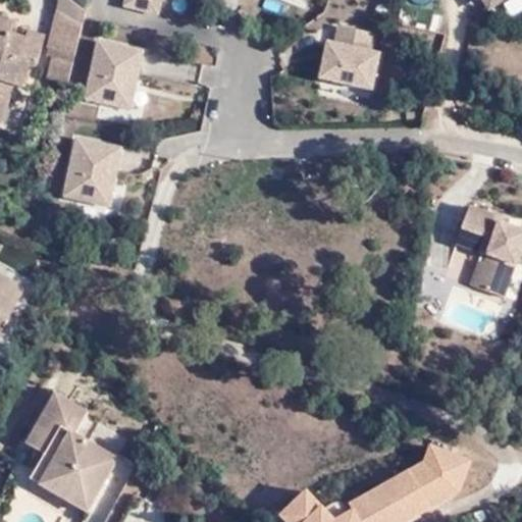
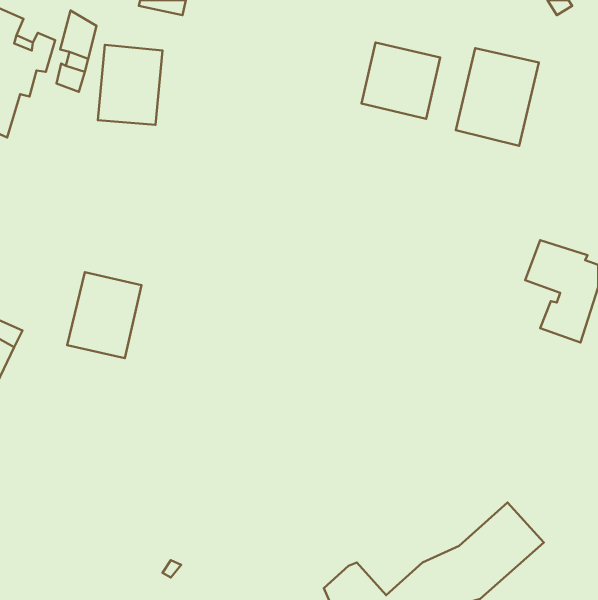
building: none -> [456,48,539,146]
building: [58,136,122,210] -> [67,272,141,358]
building: [24,392,125,506] -> none

